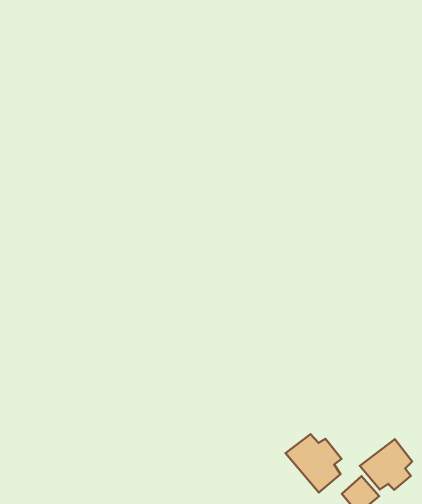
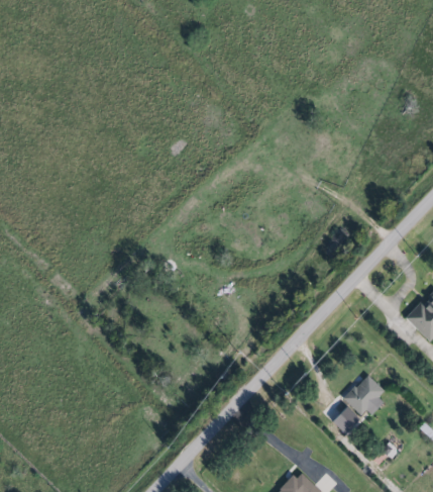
building: [286,434,341,492] -> none

